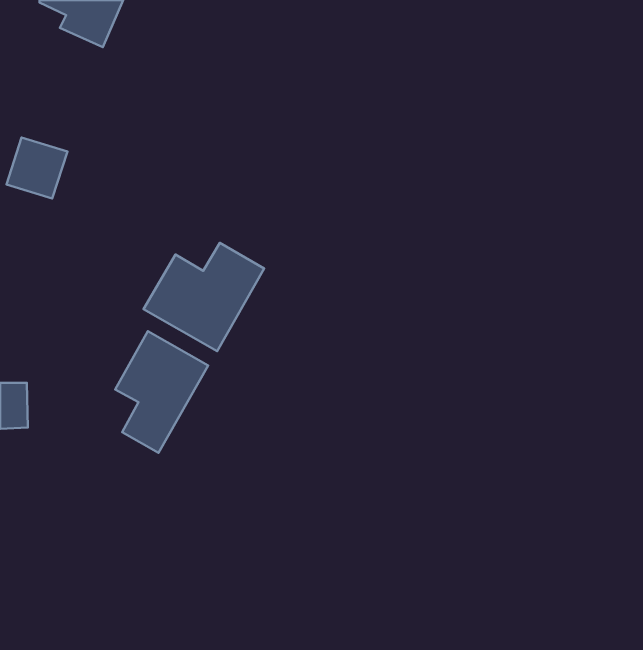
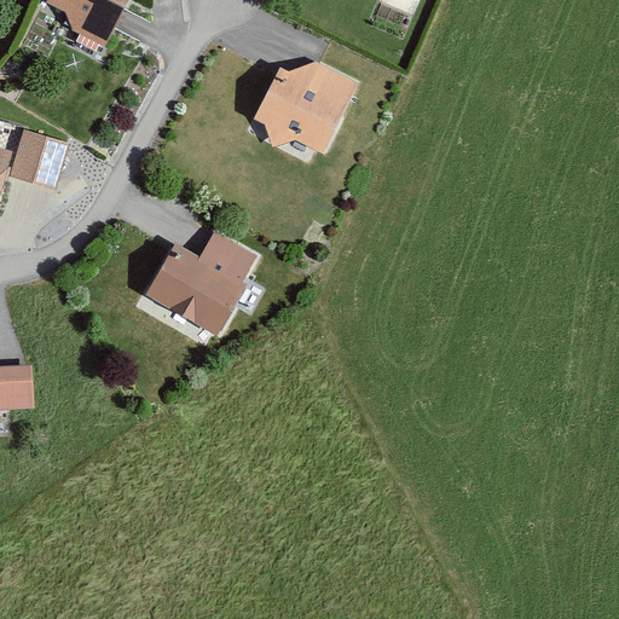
building: none -> [249,60,357,152]
building: [115,331,208,453] -> none

